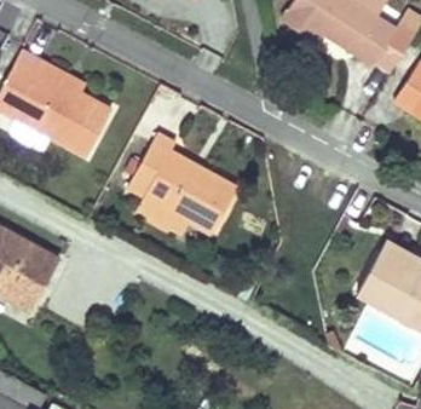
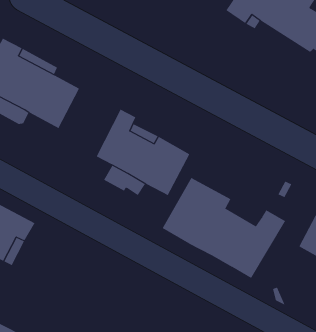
building: none -> [162,177,286,279]

